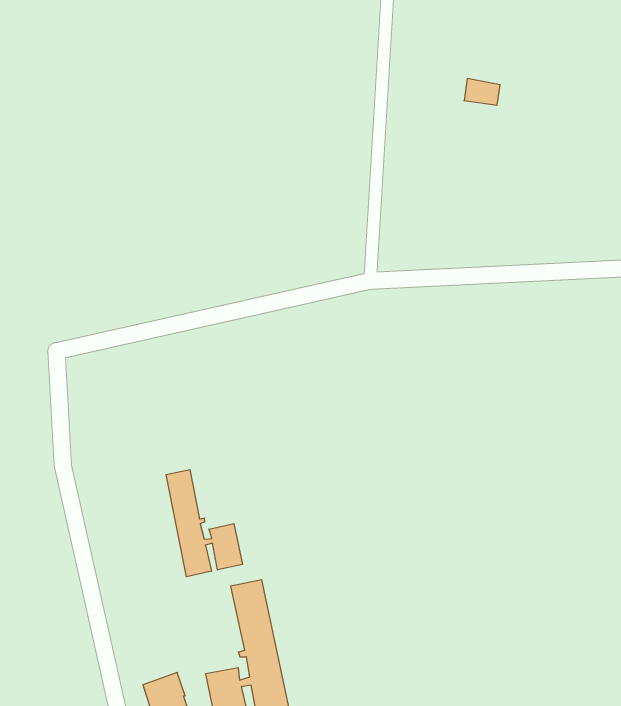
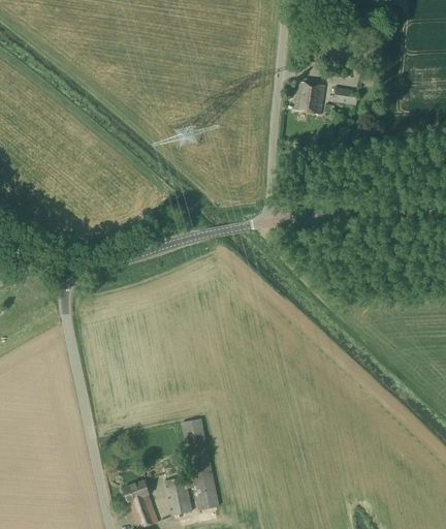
building: none -> [293,81,324,113]
building: [166,470,242,577] -> none

